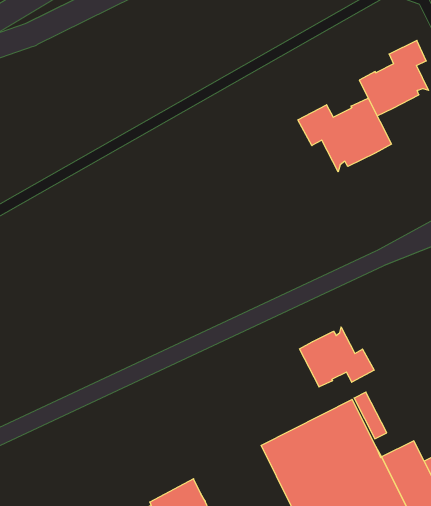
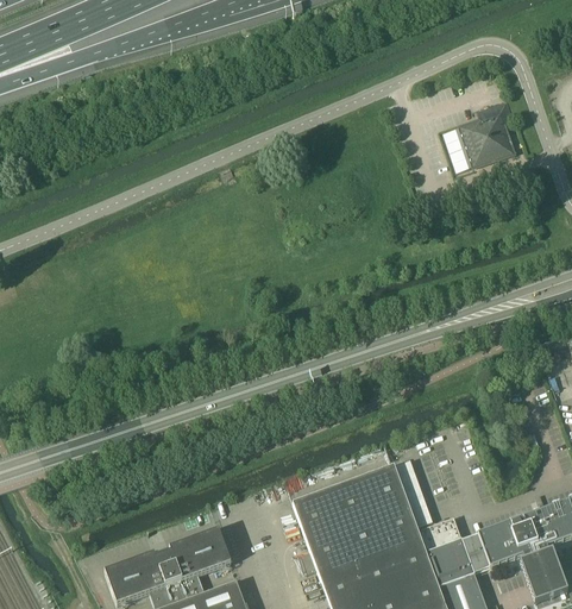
building: [298,98,391,172] -> none
building: [300,327,374,387] -> none

